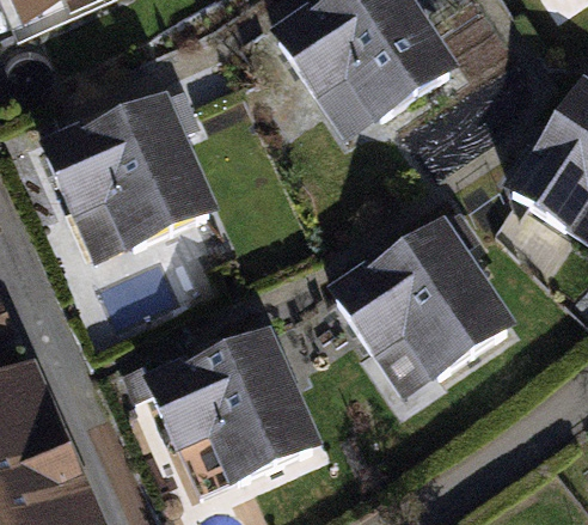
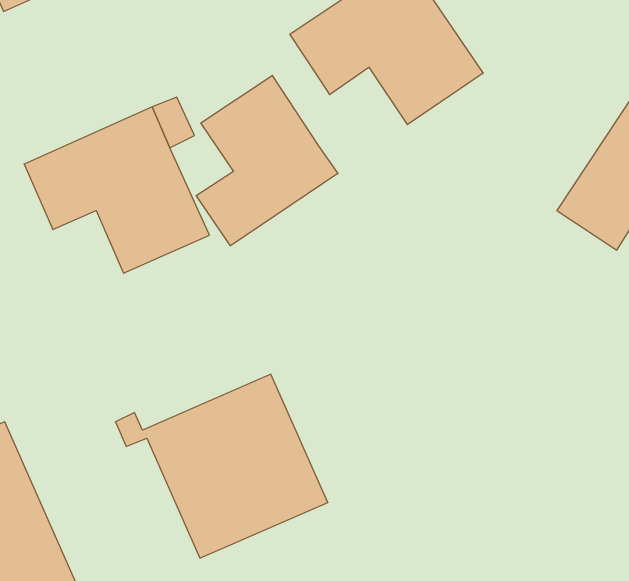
building: none -> [196,75,338,246]
building: [337,214,507,372] -> none

